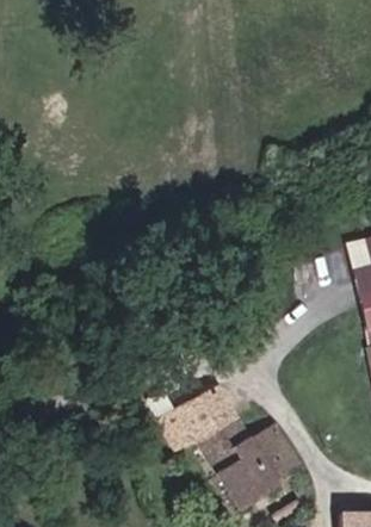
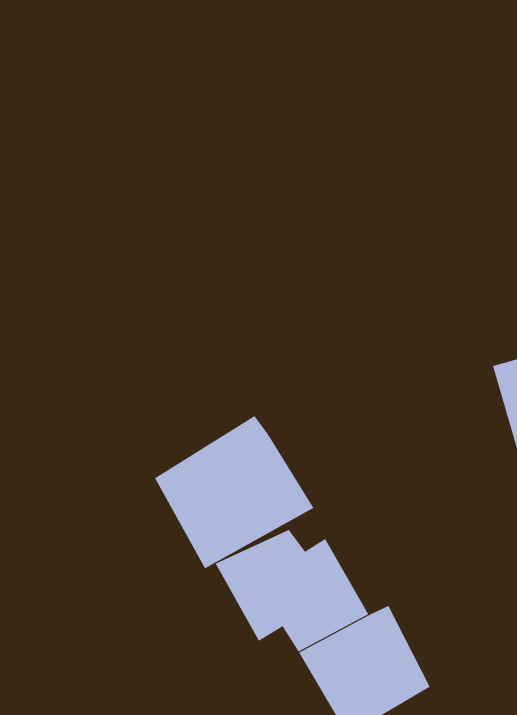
building: none -> [154,415,314,569]

